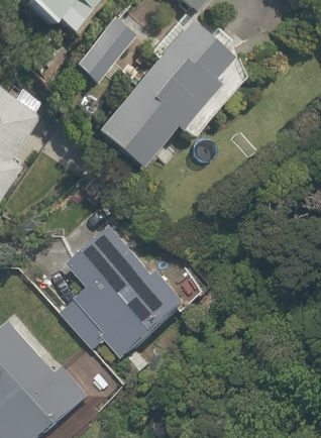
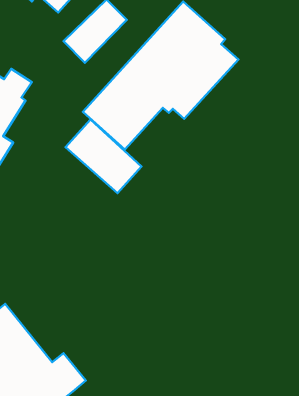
building: none -> [65,119,141,193]
building: [61,229,185,359] -> none

